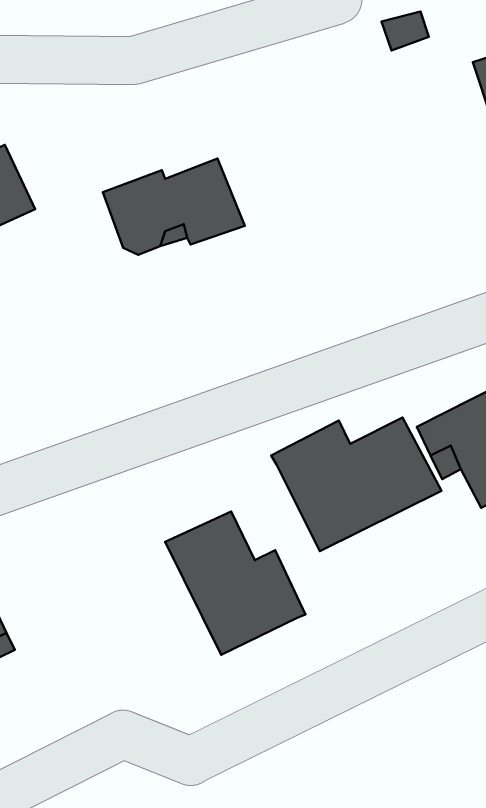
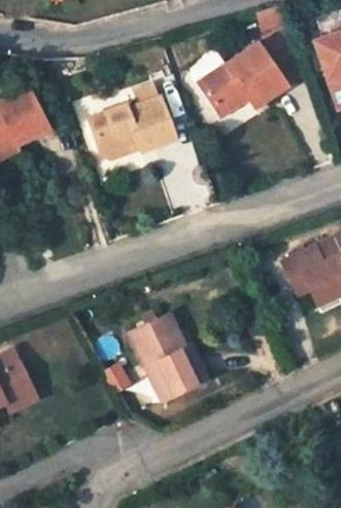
building: none -> [202,45,288,116]
building: [271,417,441,551] -> none

